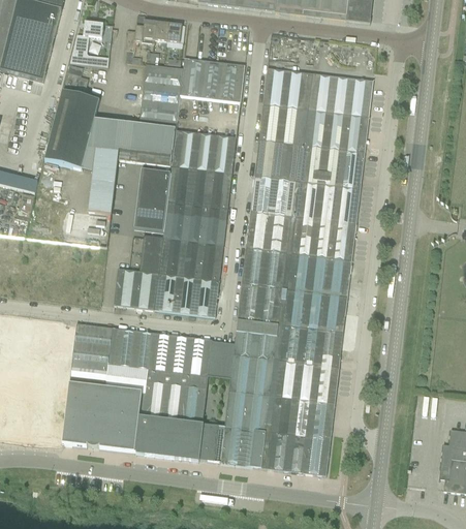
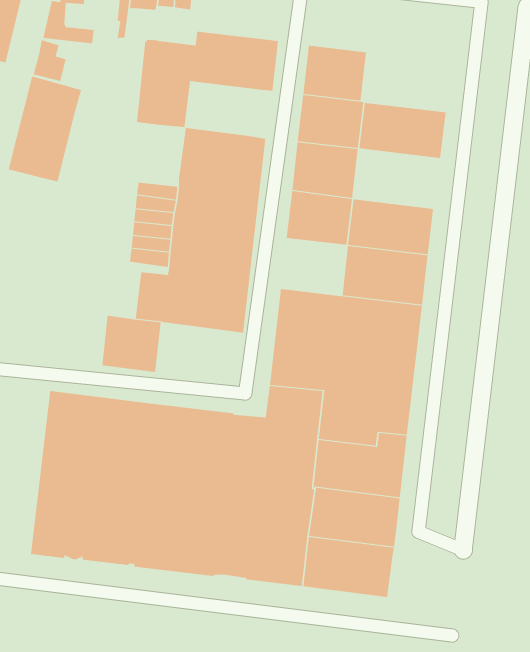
building: [307,72,374,117] -> none
building: [83,119,177,213] -> none
building: [301,144,366,188] -> none
building: [247,210,297,252] -> none
building: [155,272,220,316] -> none

